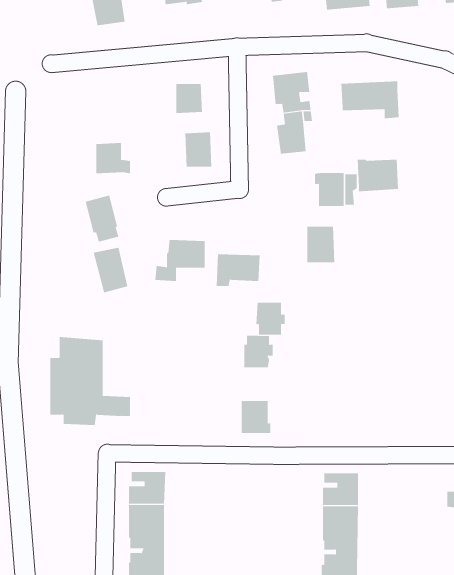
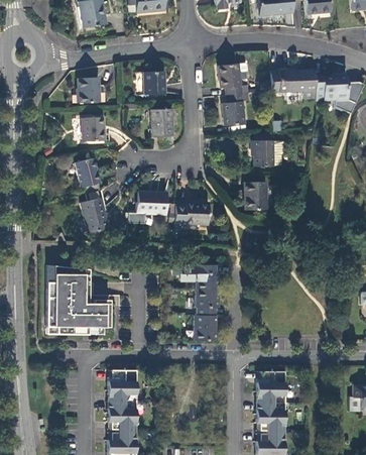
building: none -> [78,77,100,102]
building: [357,159,399,192] -> [316,76,348,101]
building: [256,302,286,335] -> [196,290,219,315]

